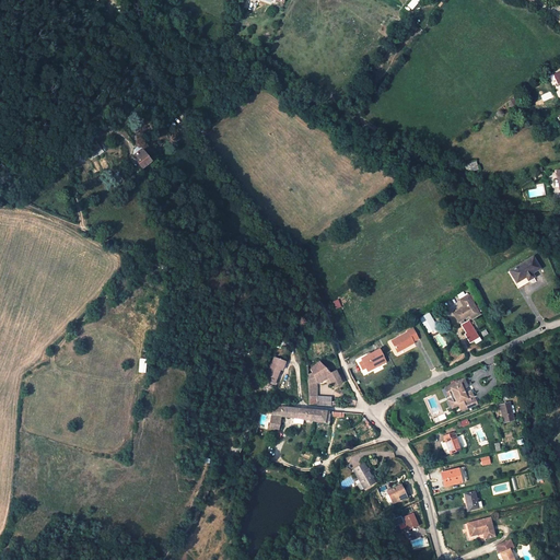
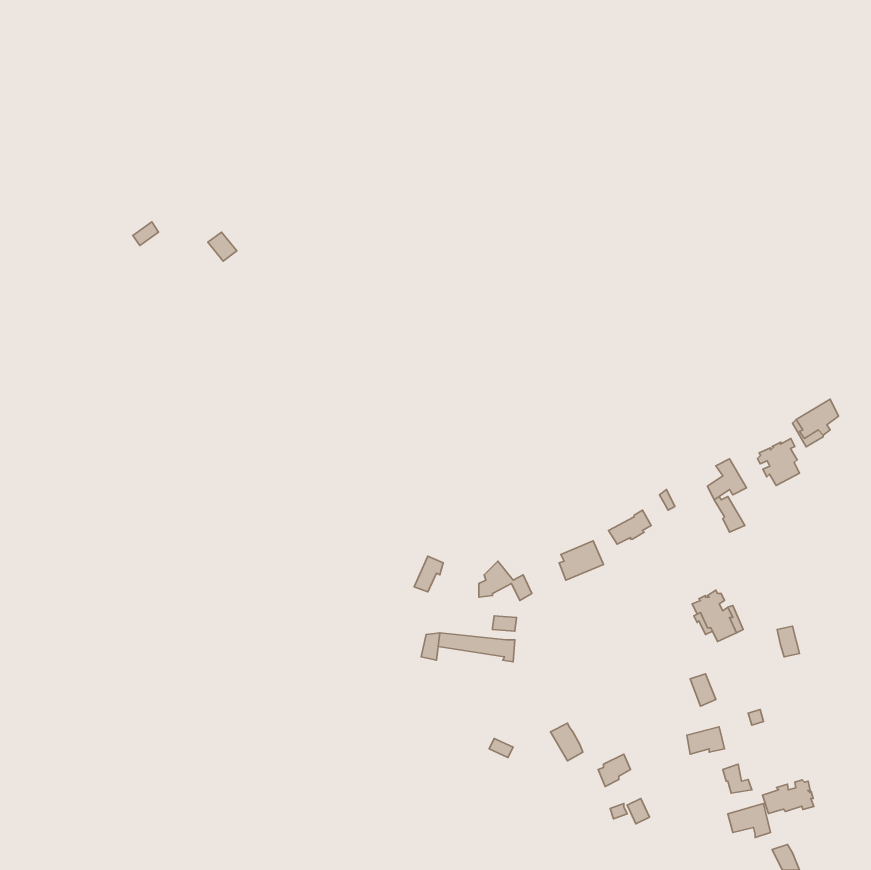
building: none -> [757,438,799,485]
building: none -> [763,780,814,813]

